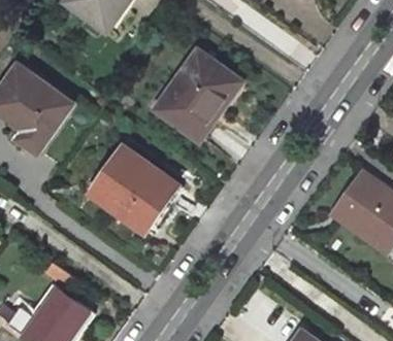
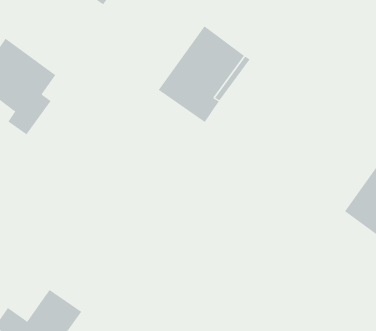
building: [92,145,176,228] -> none

